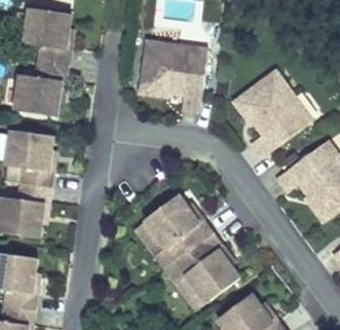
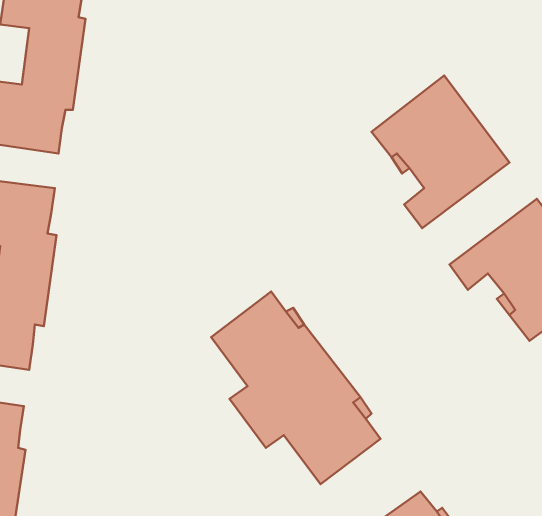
building: [139,42,206,112] -> none

